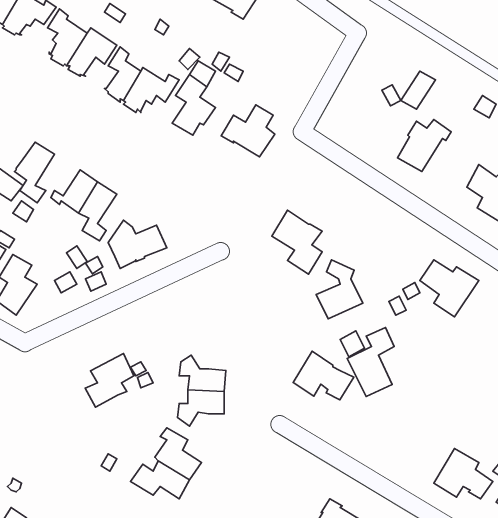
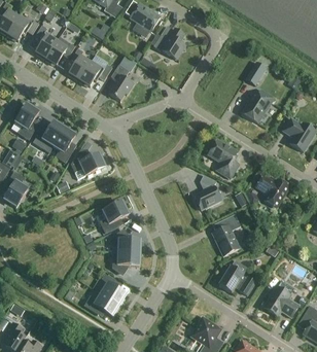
building: [221,105,275,157] -> [153,28,185,59]
building: [272,210,322,274] -> [208,139,238,177]
building: [293,351,354,400] -> [219,266,255,294]
building: [85,353,134,407] -> [99,201,128,233]

